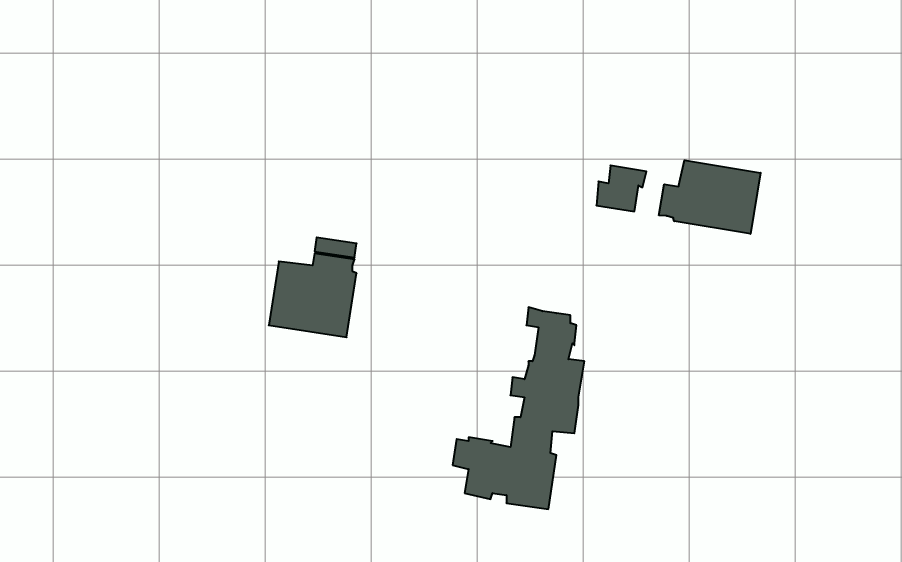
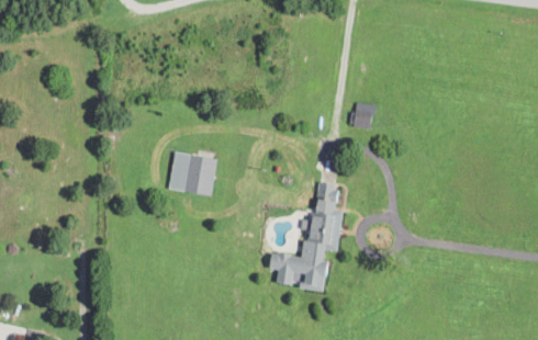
building: [659,160,761,234] -> none

